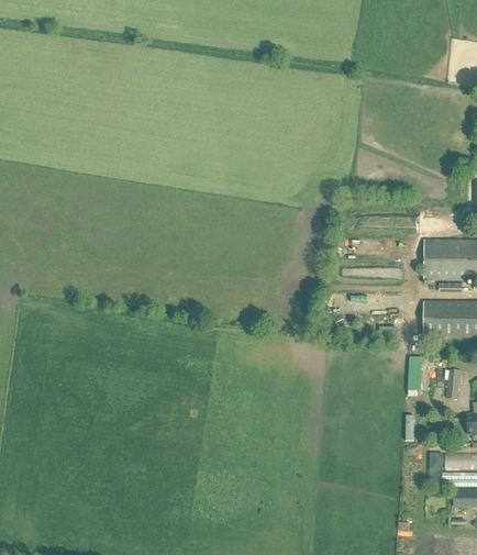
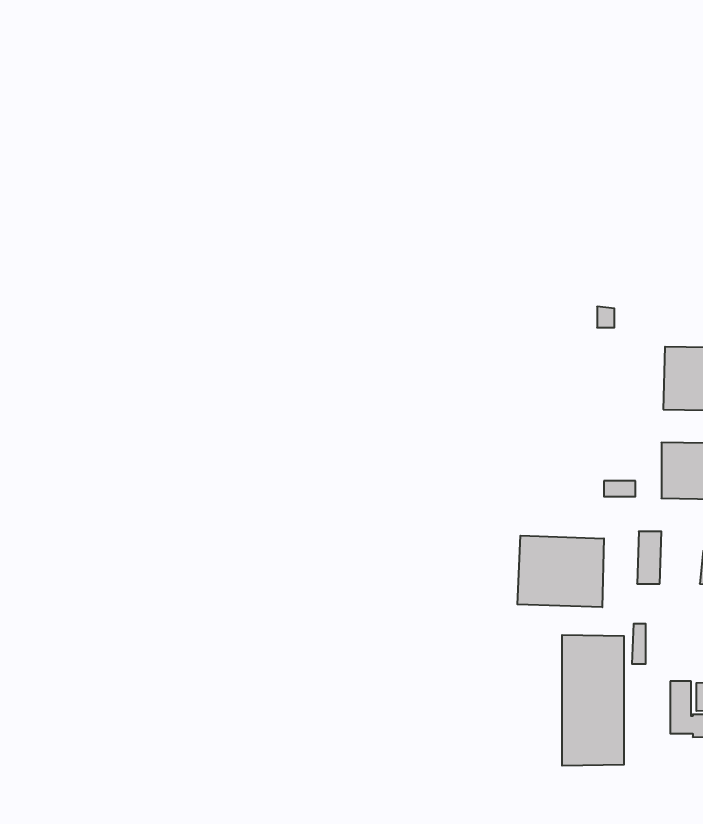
building: none -> [517,536,604,607]
building: none -> [562,635,624,766]

